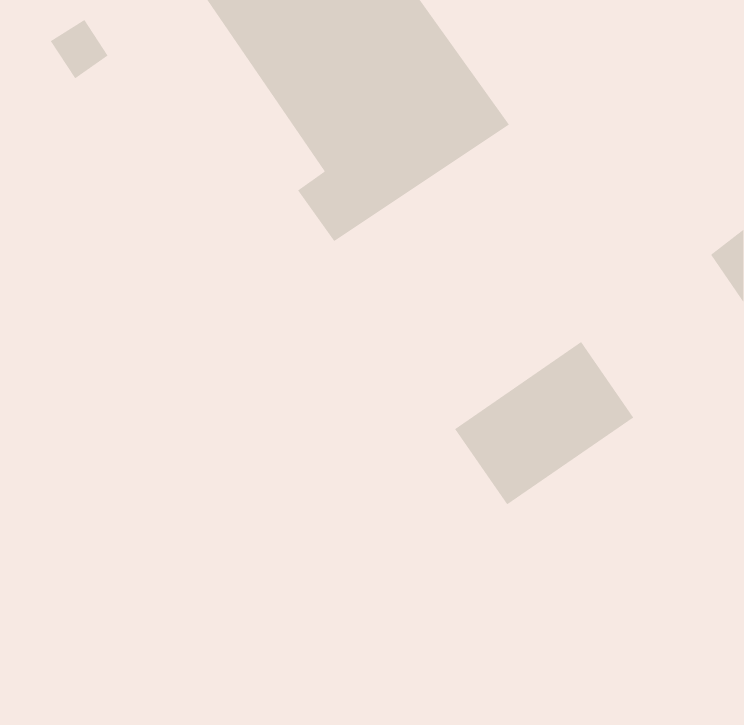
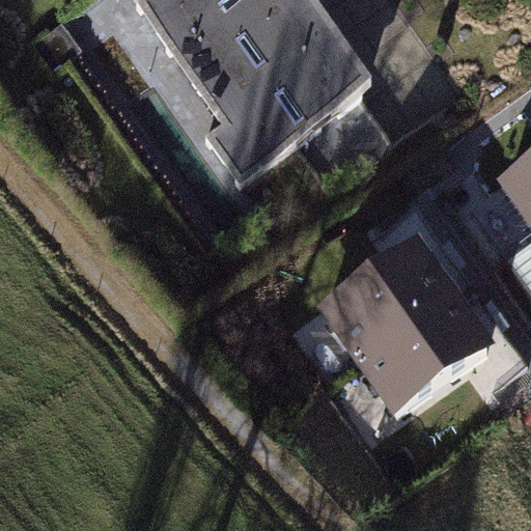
building: none -> [359,296,486,412]

